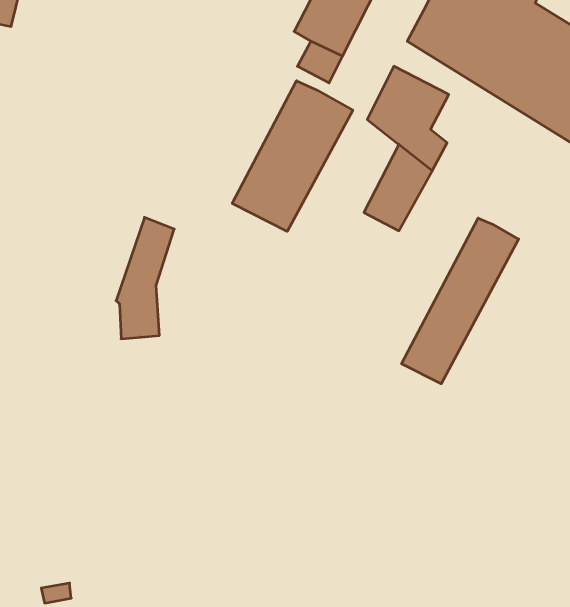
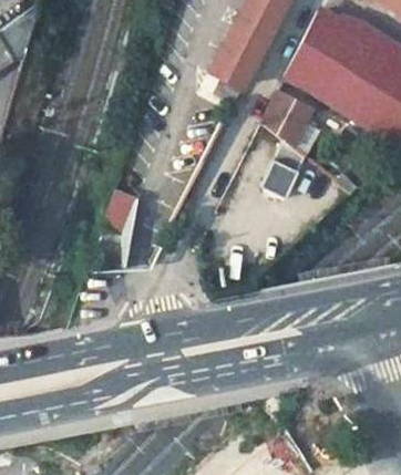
building: [232,81,353,231] -> none
building: [402,218,519,384] -> none

